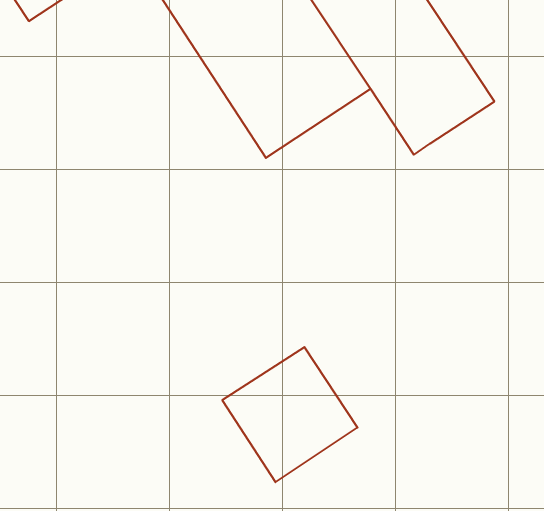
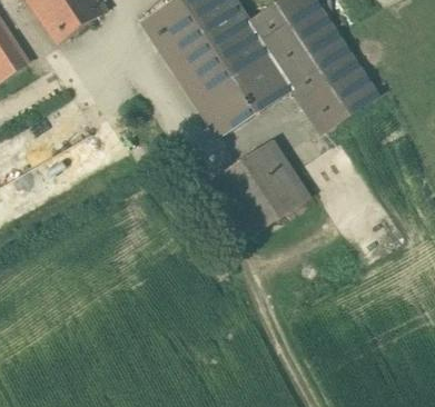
building: [222,347,358,482] -> [212,145,306,238]

